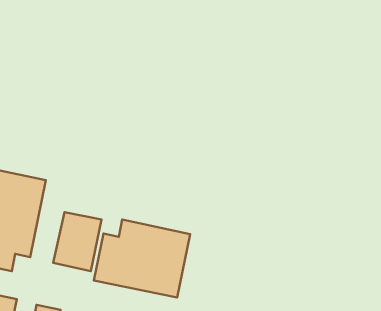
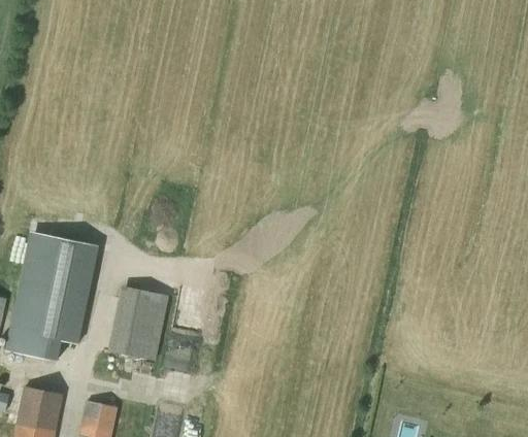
building: [94,220,190,298] -> none

